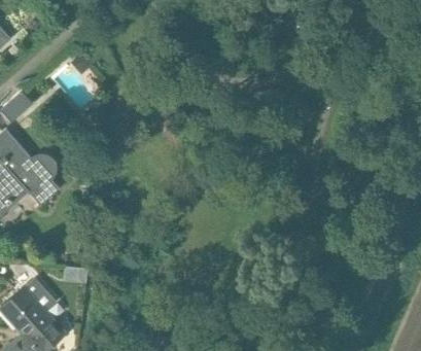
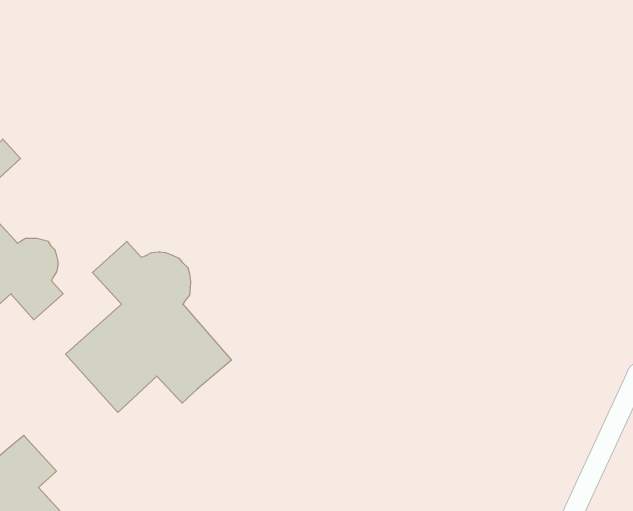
building: none -> [66,241,231,412]

